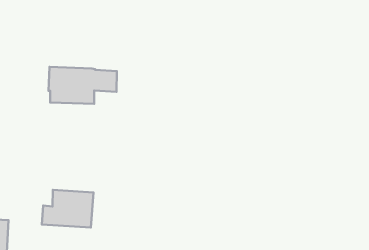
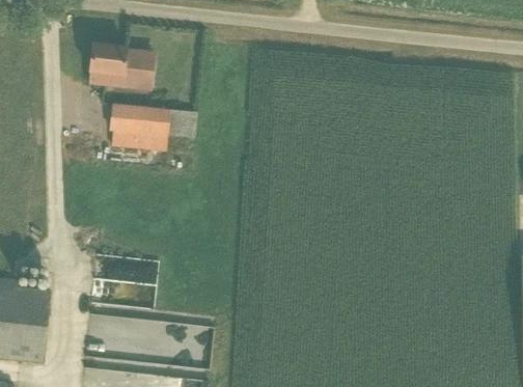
building: none -> [87,42,155,88]

